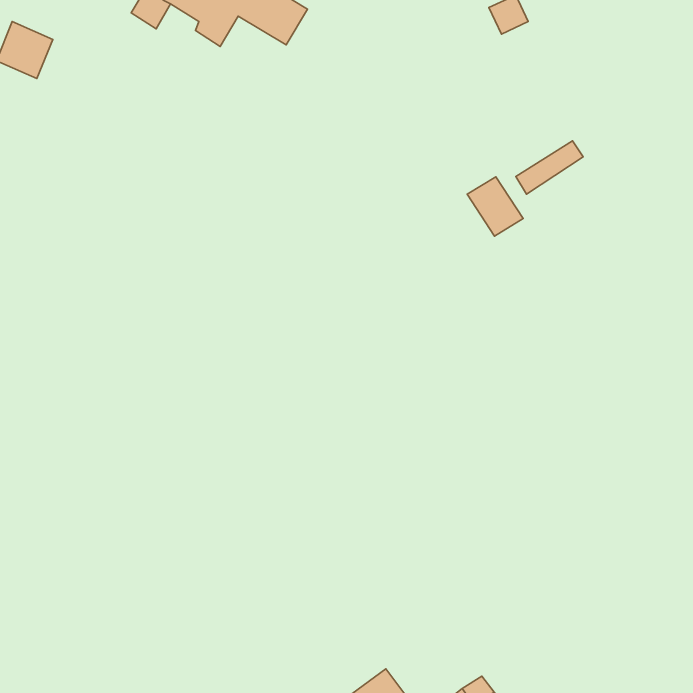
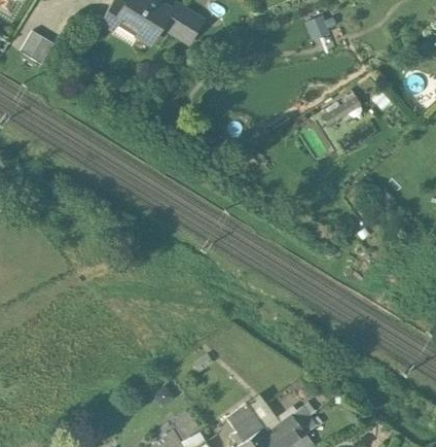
building: [467,177,523,236] -> none

